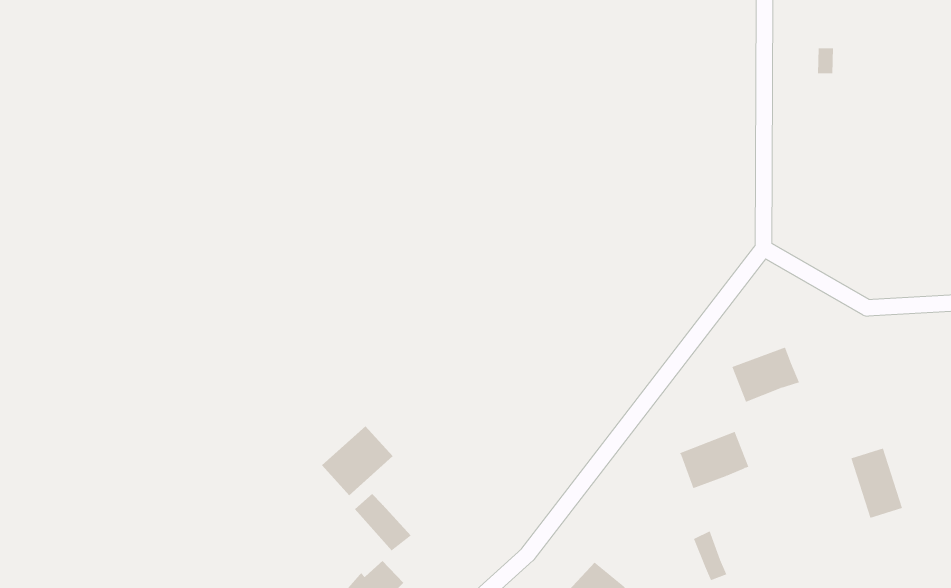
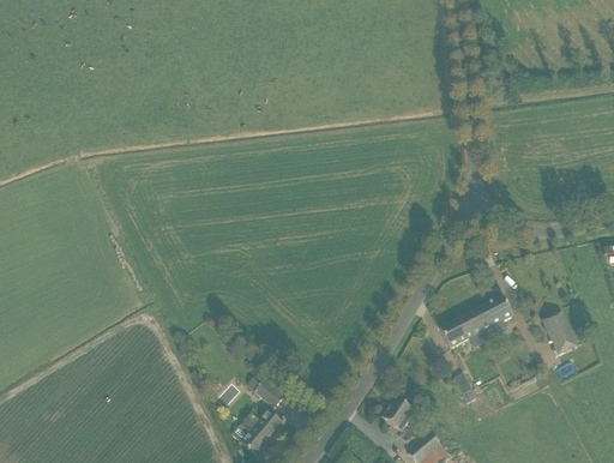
building: [731,347,800,402] -> [471,295,513,331]
building: [321,425,393,496] -> none

